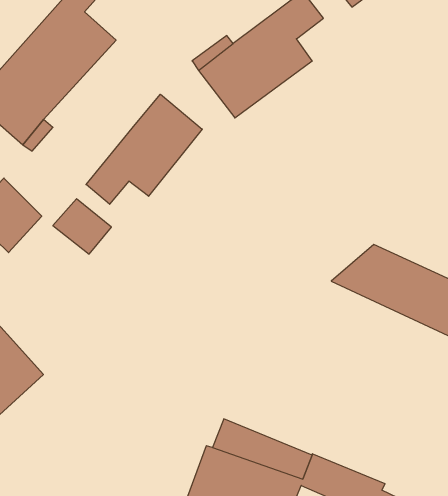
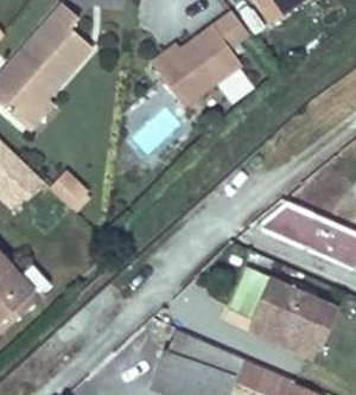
building: [86,94,202,204] -> none
building: none -> [230,269,335,345]

